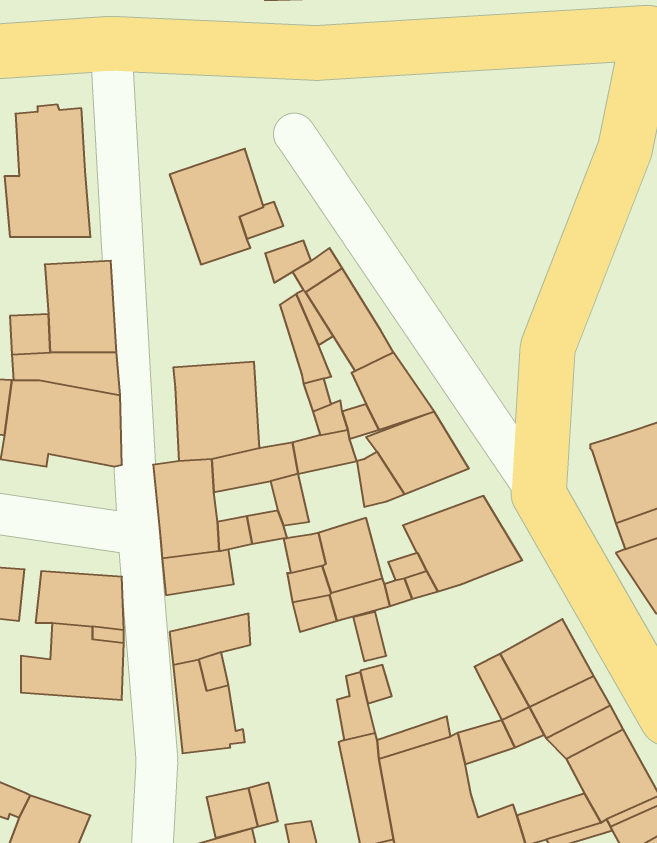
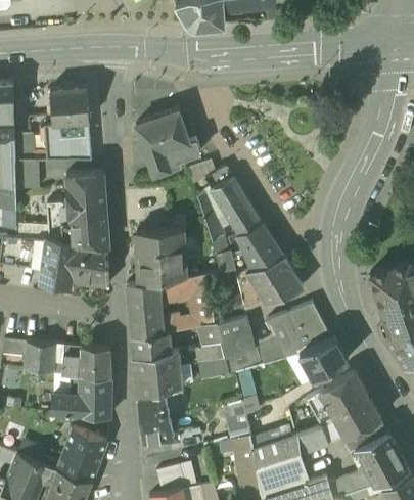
building: none -> [298,338,348,381]
building: none -> [134,352,180,379]
building: none -> [56,428,106,482]

